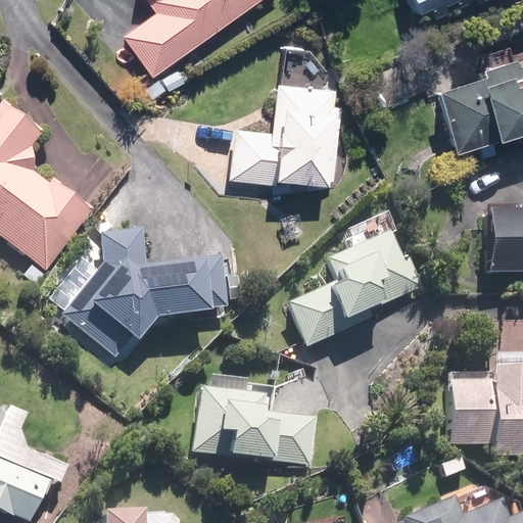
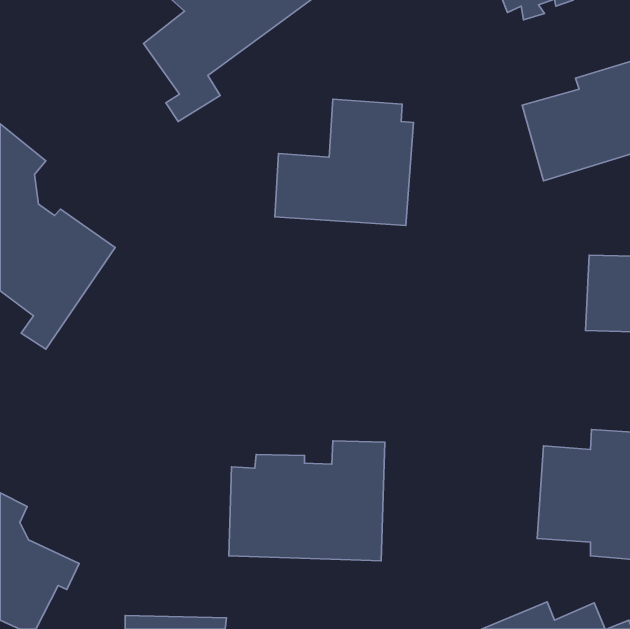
building: [285,227,429,346] -> none
building: [56,228,239,359] -> none

